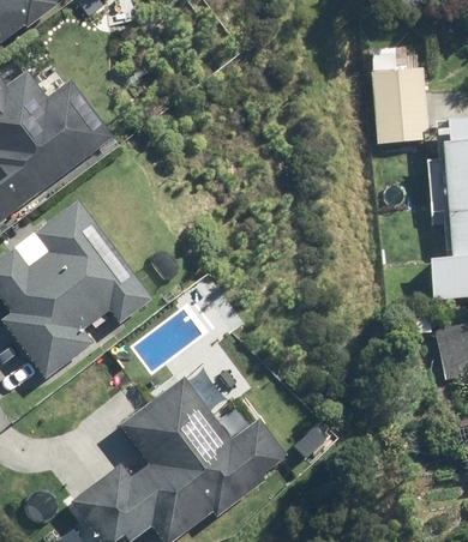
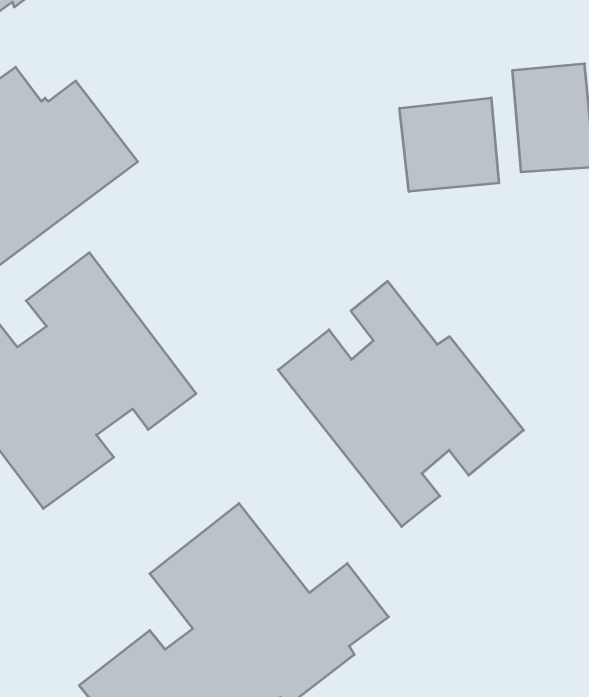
building: none -> [400,98,499,192]
building: none -> [278,281,524,527]

